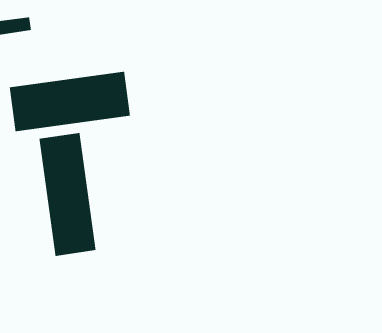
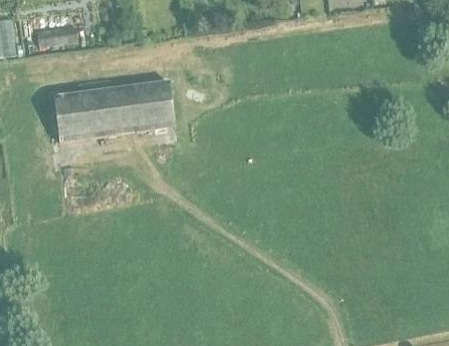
building: [38,132,97,257] -> none

